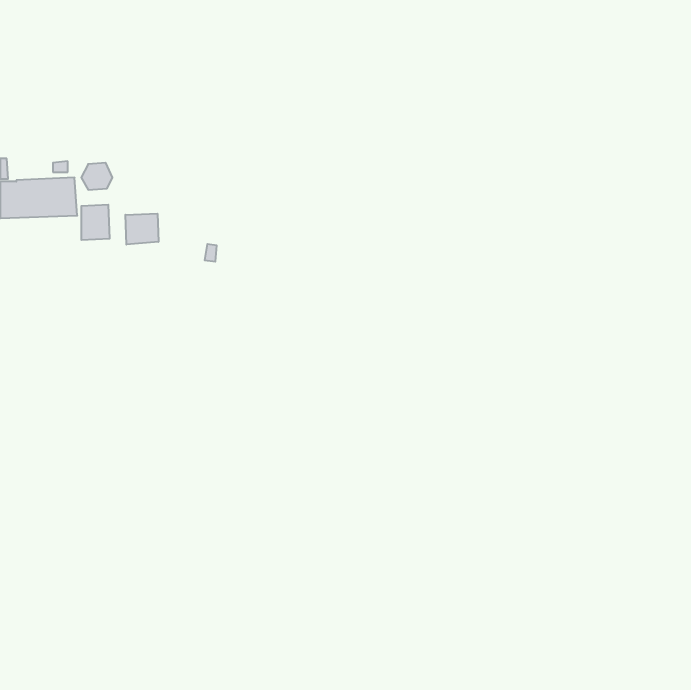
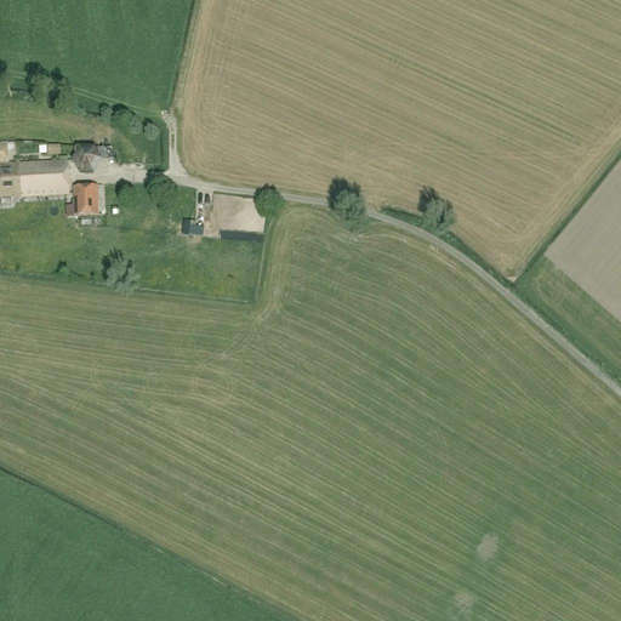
building: [125,214,158,245] -> none

